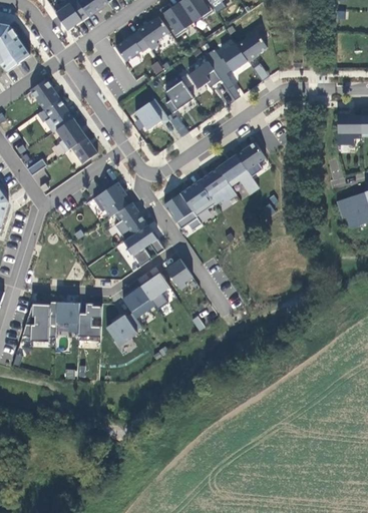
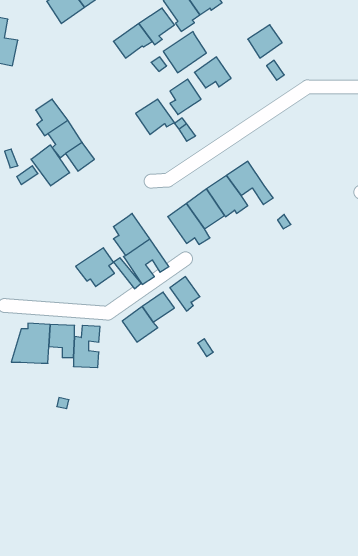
building: [208,42,247,79] -> [163,32,206,73]
building: [30,78,59,109] -> none
building: none -> [31,145,70,186]
building: [236,141,266,176] -> none
building: [92,181,127,216] -> [76,248,114,287]
building: [106,312,141,346] -> none

